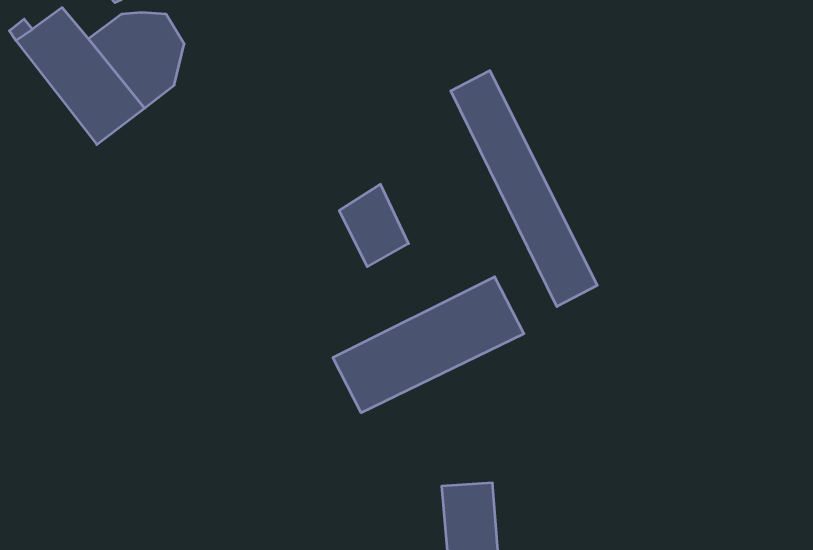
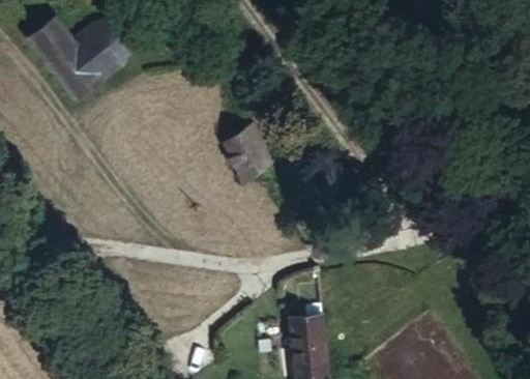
building: [451,71,597,307] -> none
building: [333,277,524,413] -> none

